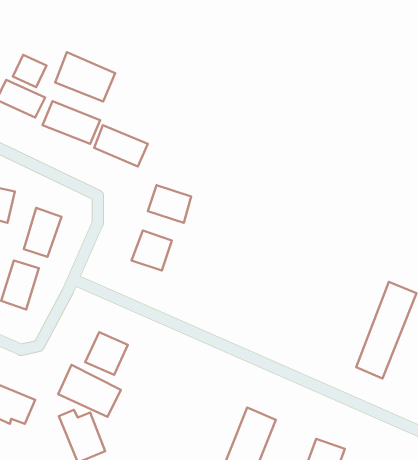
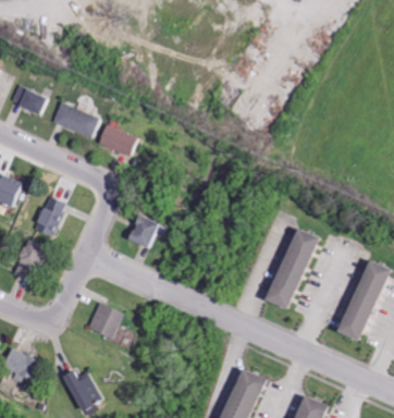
building: [55,52,115,101] -> none
building: [13,55,47,87] -> none
building: [148,185,191,223] -> none
building: none -> [259,230,308,312]
building: [58,365,121,417] -> none

